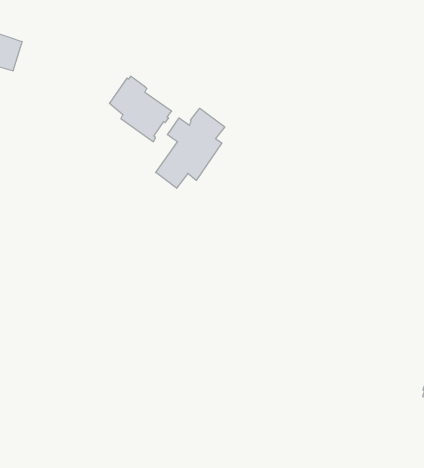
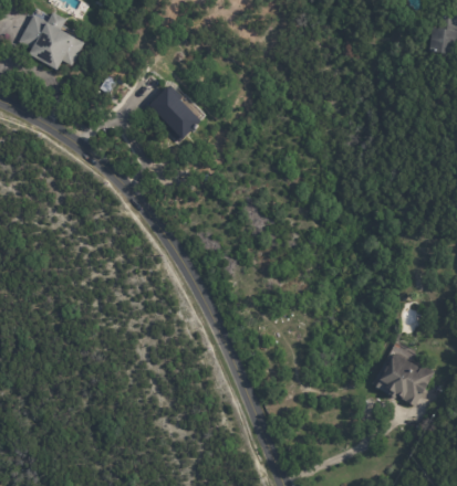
building: [156,108,225,188] -> none

